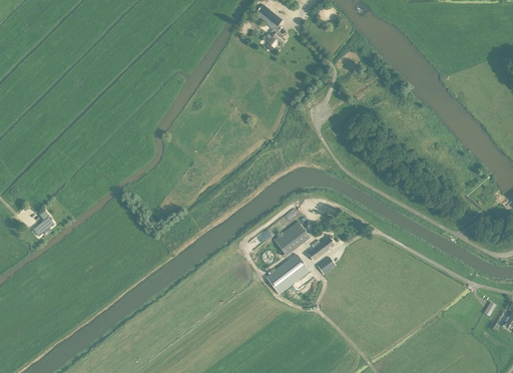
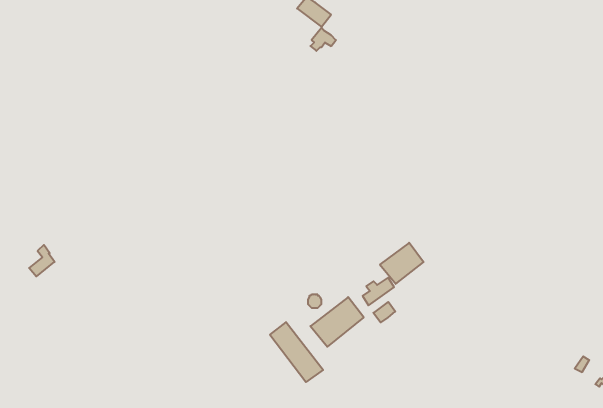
building: [274,220,310,254] -> [380,243,424,284]
building: none -> [270,322,323,382]

